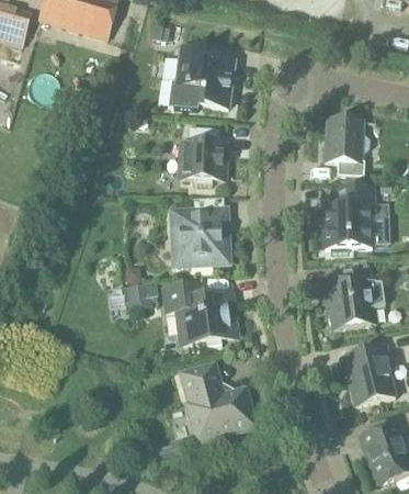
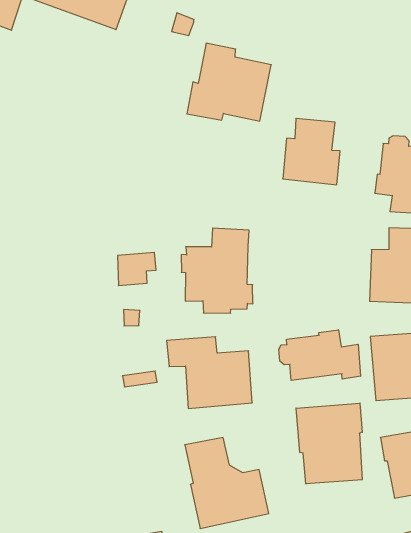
building: [180,127,225,179] -> [283,118,340,185]
building: none -> [279,330,361,380]
building: [126,281,158,310] -> [118,252,156,286]
building: none -> [296,403,362,484]

